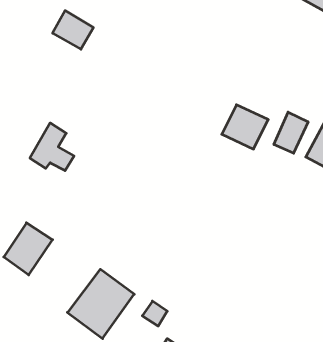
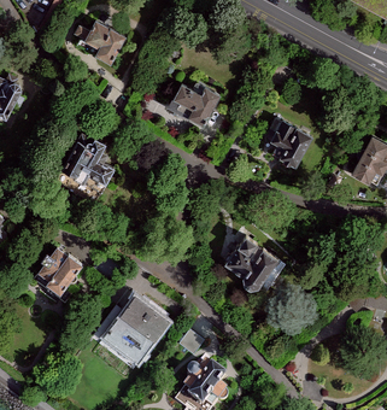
building: none -> [168,76,219,127]
building: [274,112,308,153] -> none
building: none -> [223,232,280,286]

